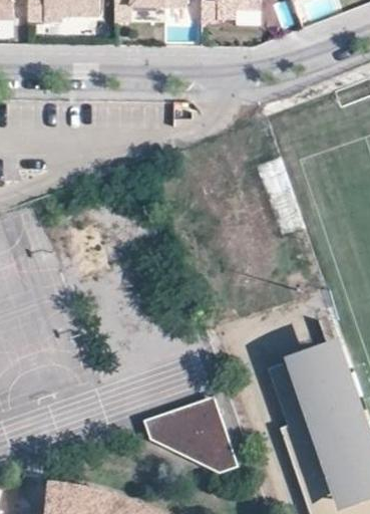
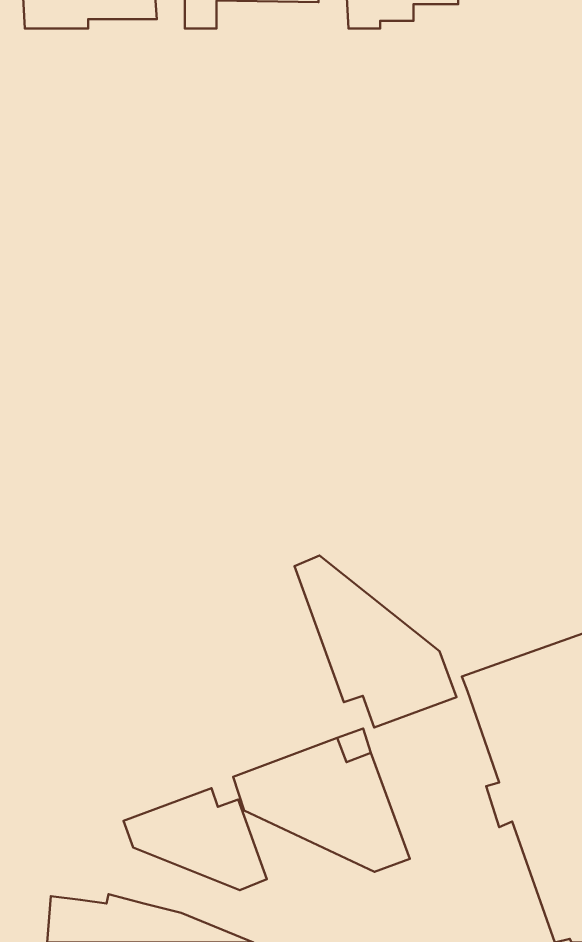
building: none -> [294,555,456,728]
building: none -> [123,788,267,890]

